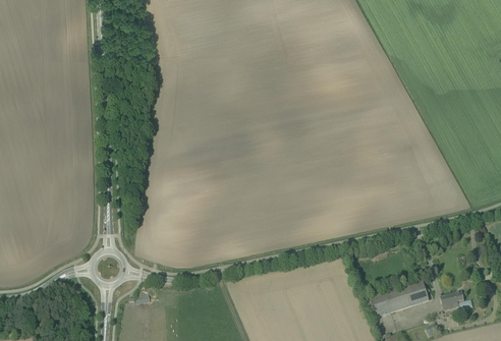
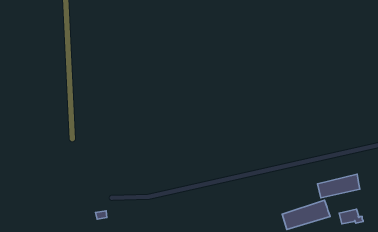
building: none -> [318,174,360,198]

